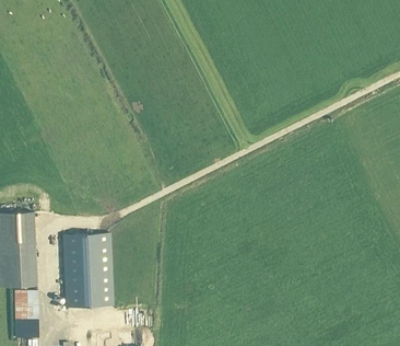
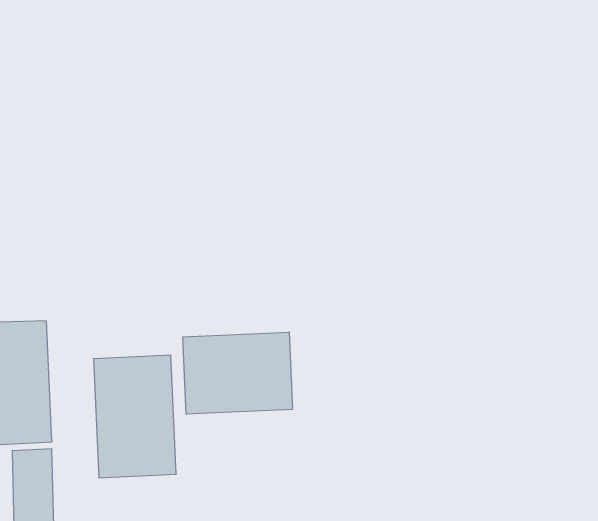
building: none -> [183,332,292,414]

